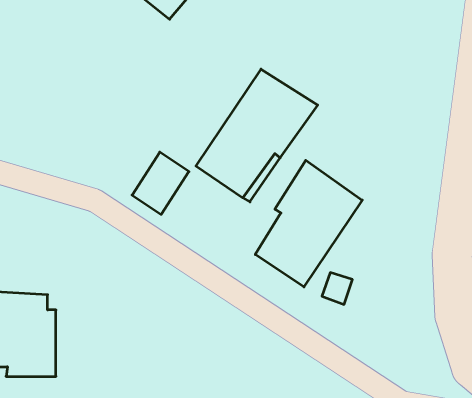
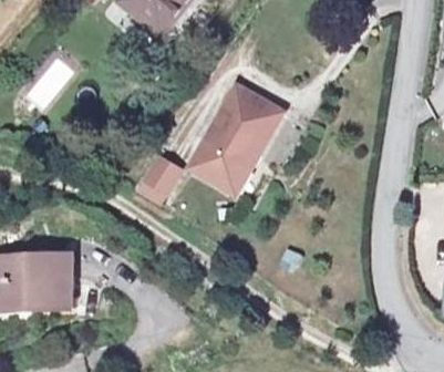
building: [255,160,362,287] -> none

